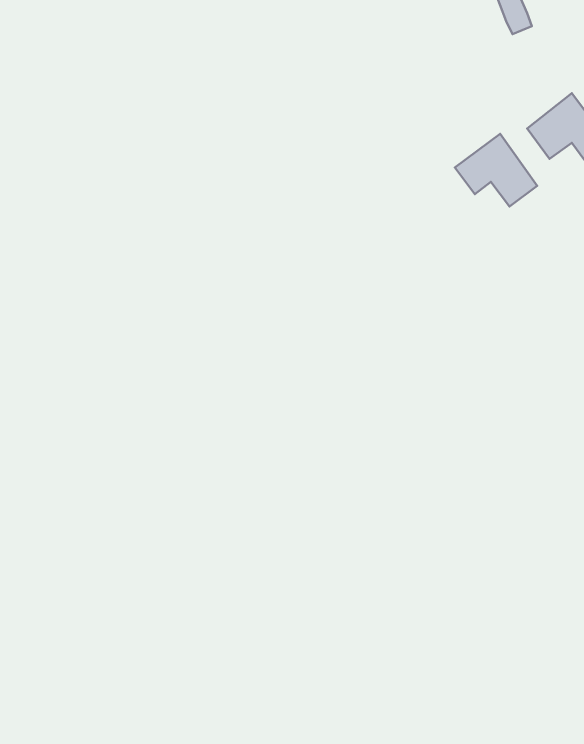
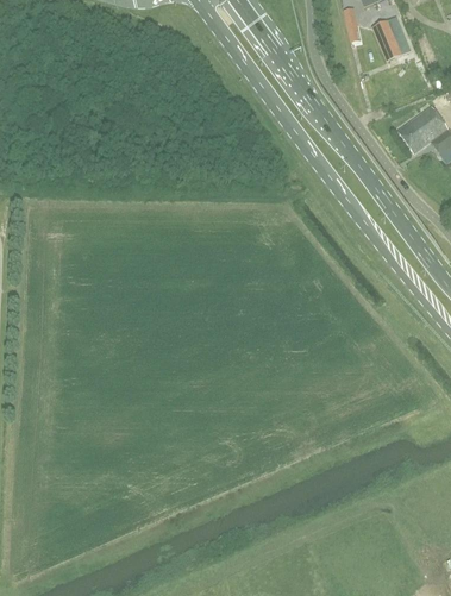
building: [455,134,537,206] -> none

